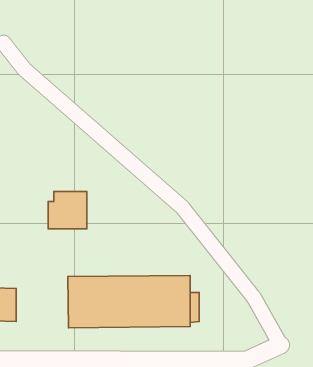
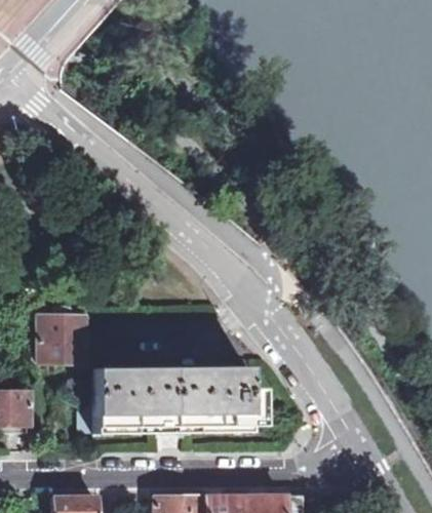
building: [48,192,87,229] -> [33,316,82,363]

